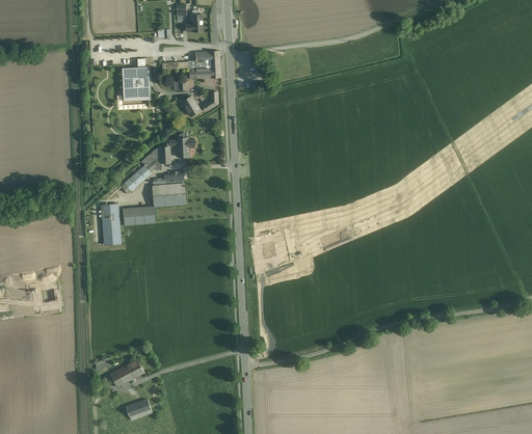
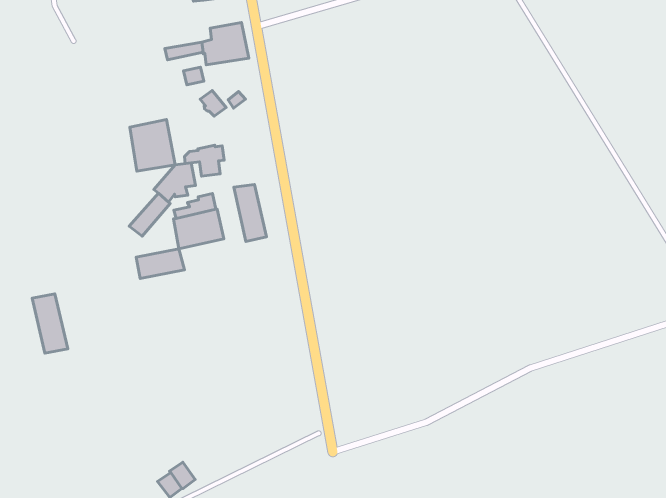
building: [121,66,150,101] -> [130,119,175,171]
building: none -> [234,184,266,241]
building: [99,204,119,245] -> [32,294,68,353]

